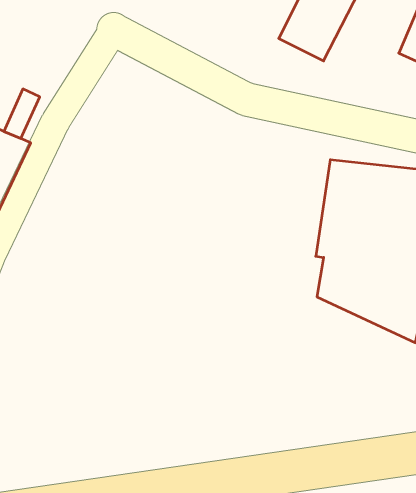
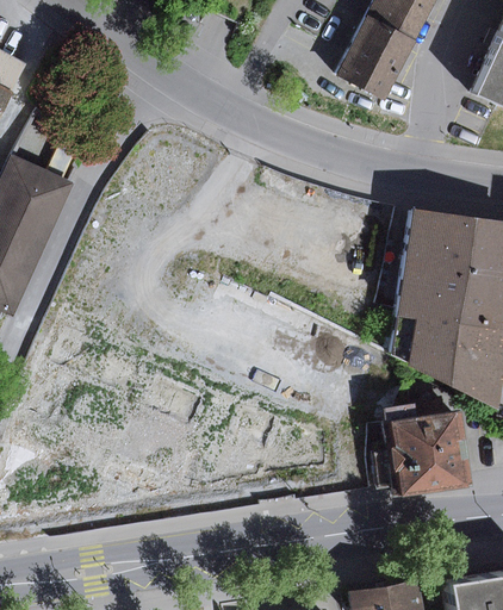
building: none -> [368,399,458,492]

